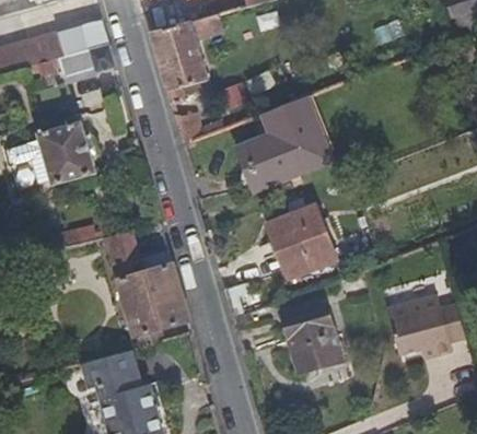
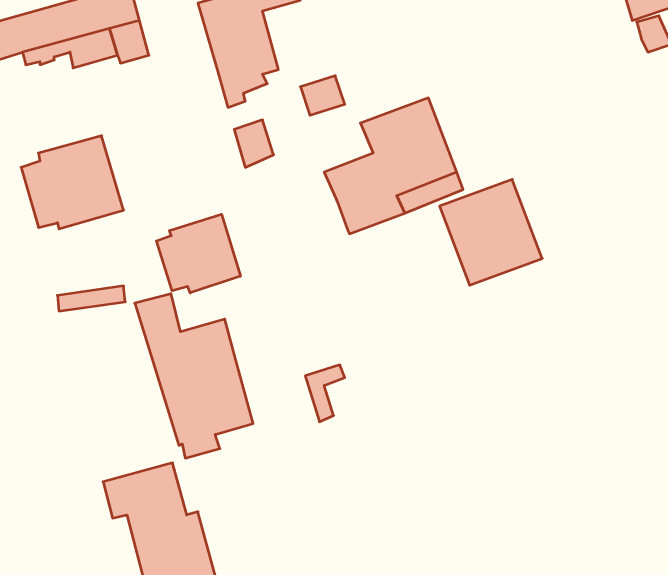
building: none -> [156,214,240,293]
building: [267,204,338,278] -> [440,179,542,285]
building: [385,296,464,360] -> none
building: [283,303,342,373] -> none

